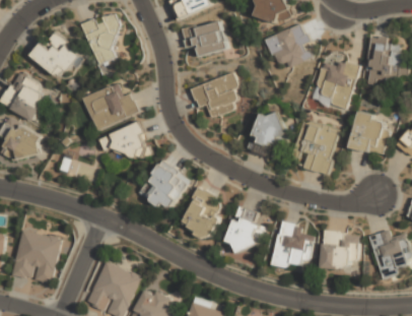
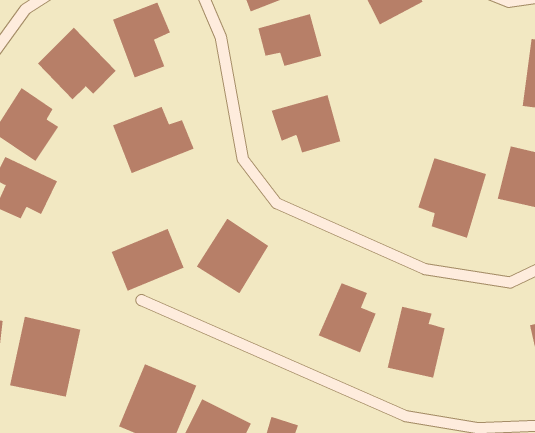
building: [264,23,314,68] -> none
building: [311,57,359,111] -> none
building: [247,111,287,154] -> none
building: [99,121,150,165] -> [111,228,184,291]
building: [179,187,226,240] -> none
building: [317,232,356,267] -> none

